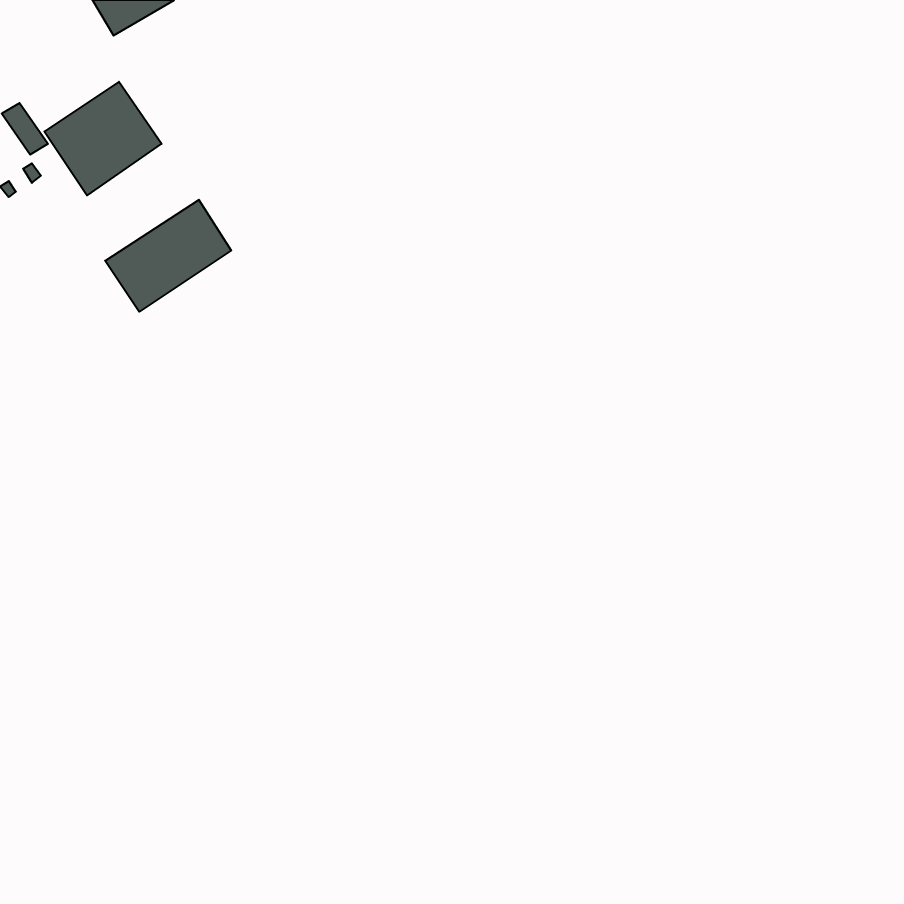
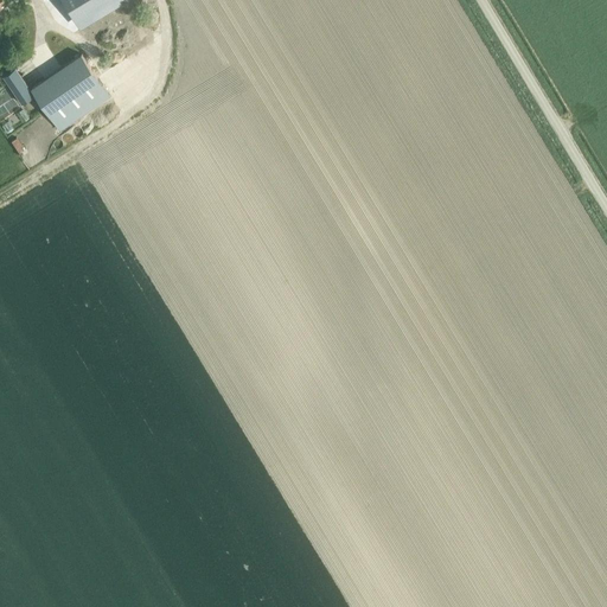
building: [105,200,231,312] -> none

